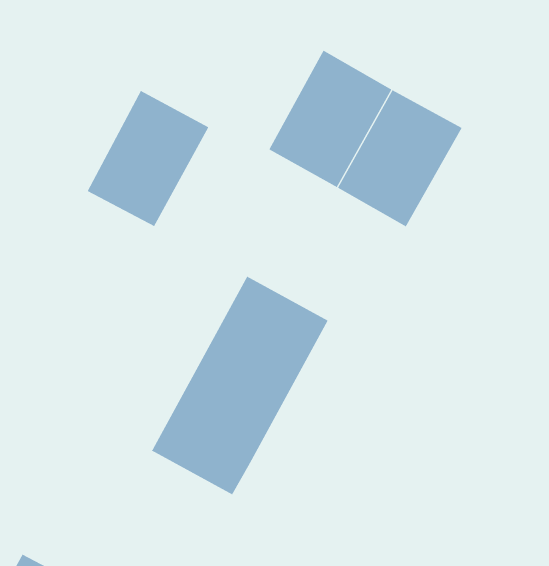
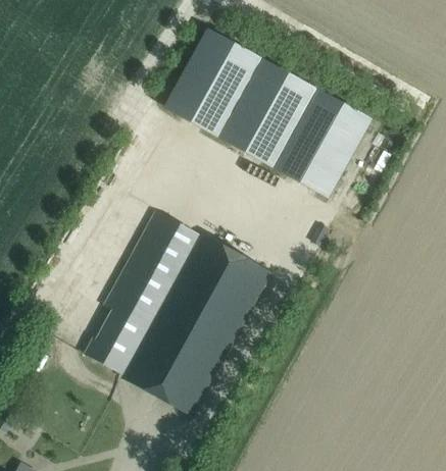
building: [87,90,209,227] -> [164,28,262,137]
building: none -> [88,212,201,376]

